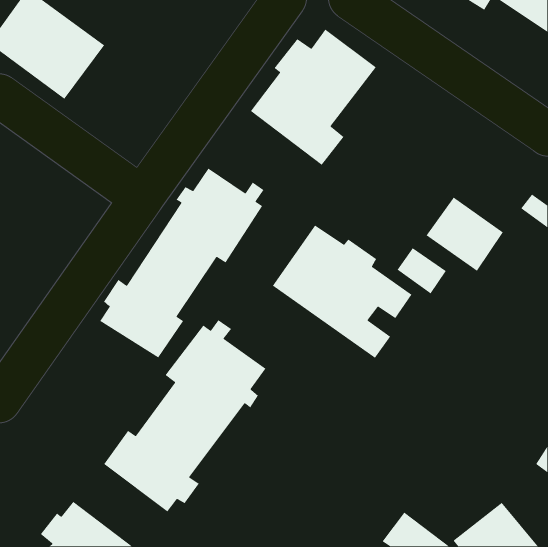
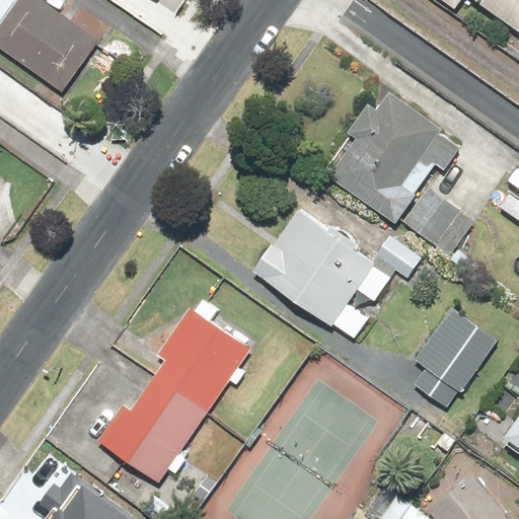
building: [250,28,377,166] -> [324,94,444,224]
building: [99,168,264,359] -> none
building: none -> [414,310,497,405]

